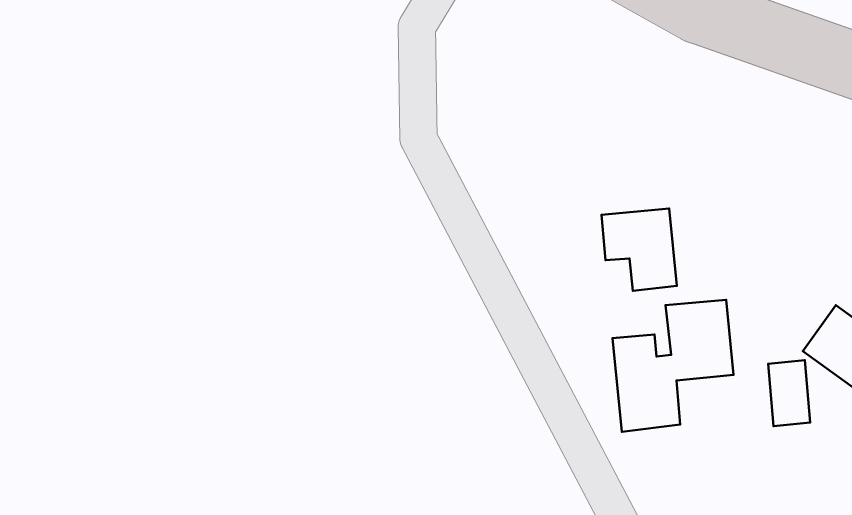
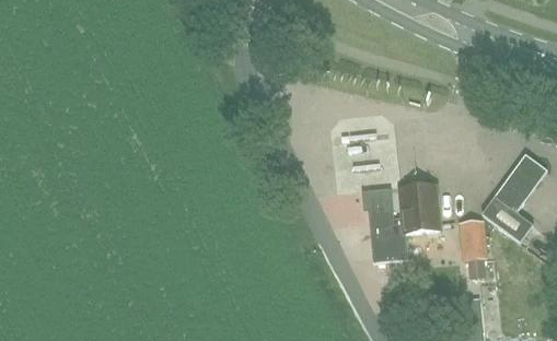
building: [602,208,677,291] -> none

